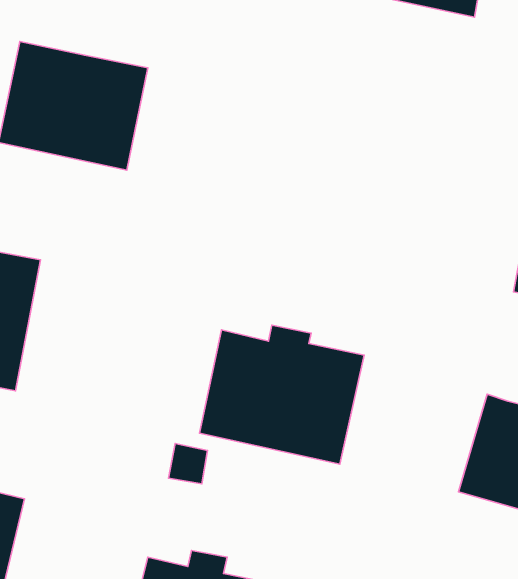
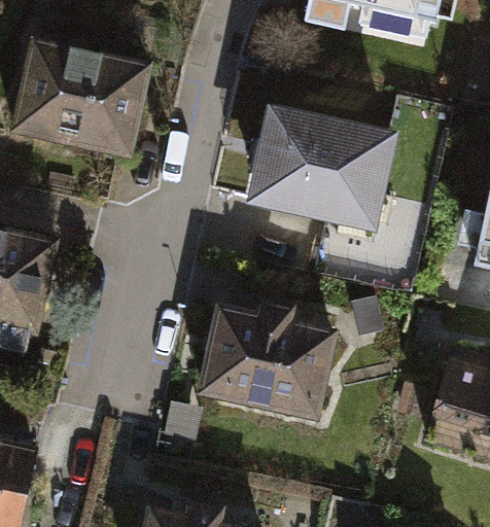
building: none -> [243,102,391,225]

